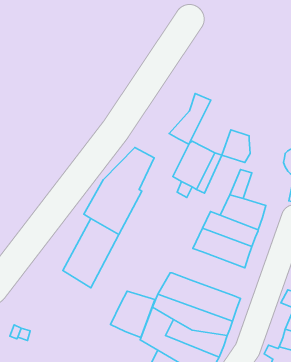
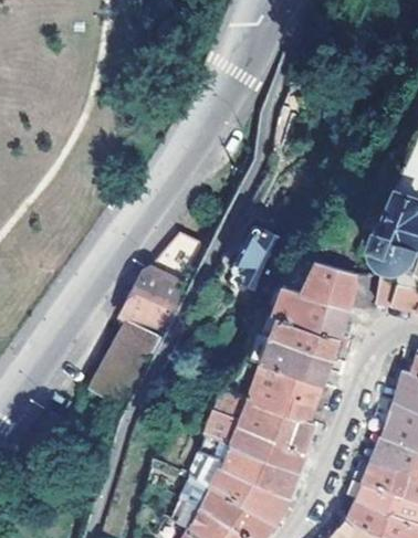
building: [169,94,211,144] -> none
building: [222,130,250,162] -> [318,266,354,307]
building: none -> [253,366,321,421]
building: [110,291,155,337] -> none

